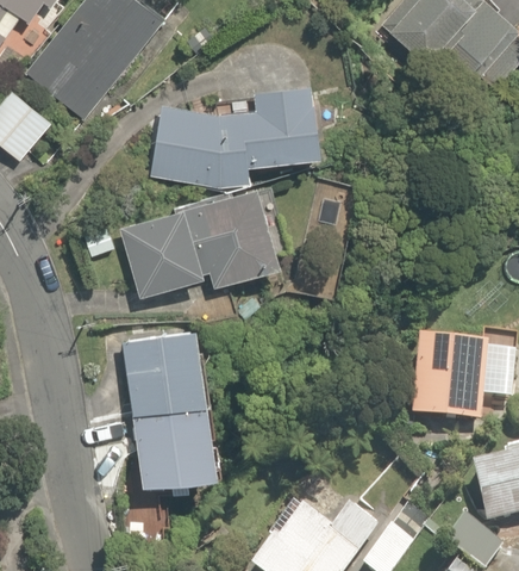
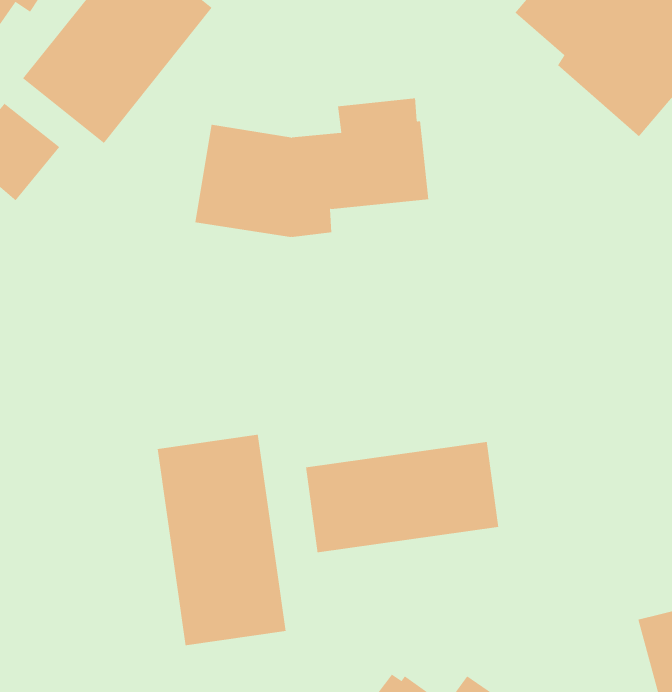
building: [120,186,280,296] -> none
building: none -> [305,441,499,553]
building: [412,339,486,421] -> none

